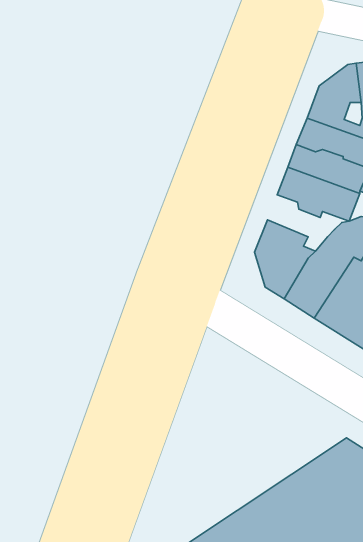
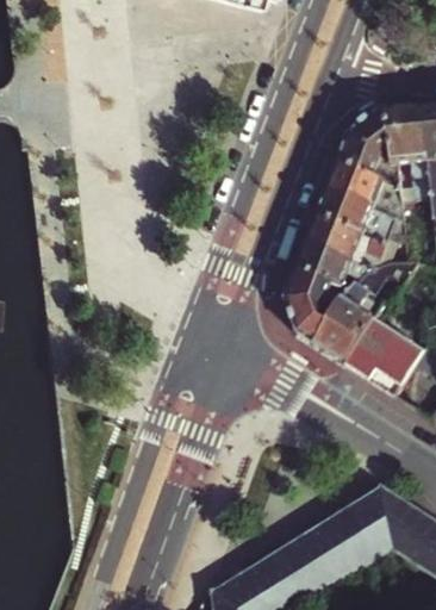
building: none -> [298,239,379,287]

